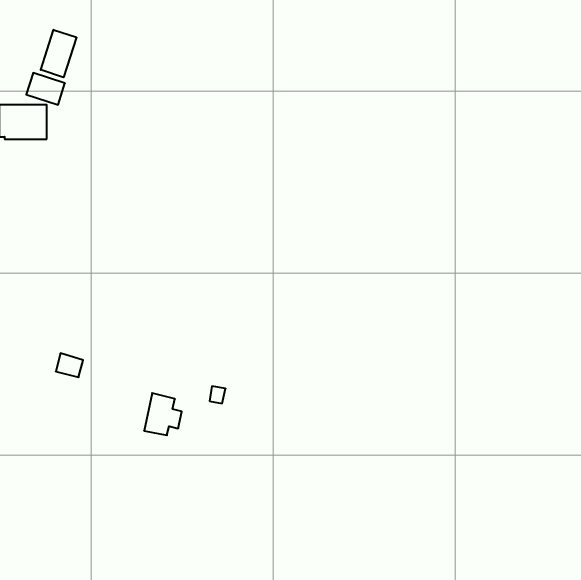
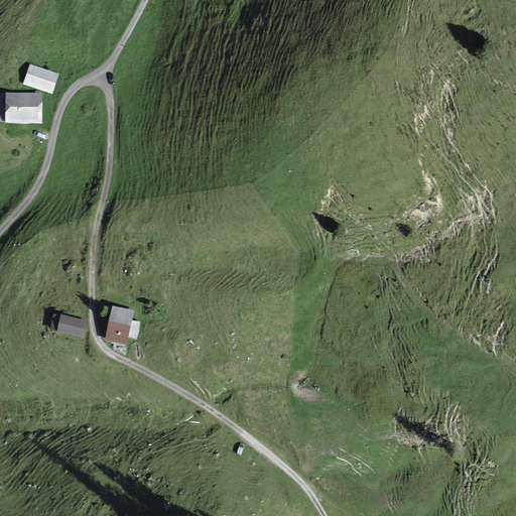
building: [41,30,76,77] -> none
building: [144,393,182,435] -> [105,306,138,344]

